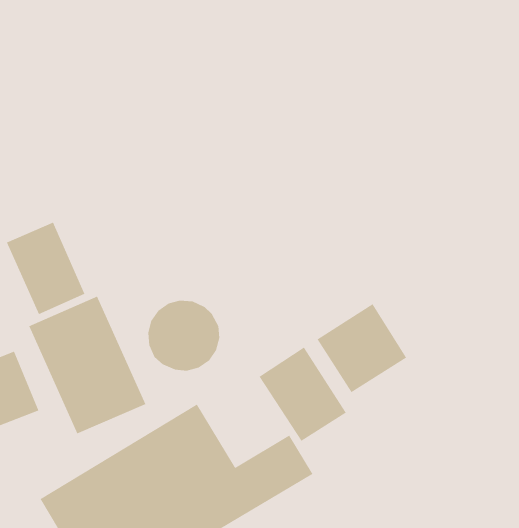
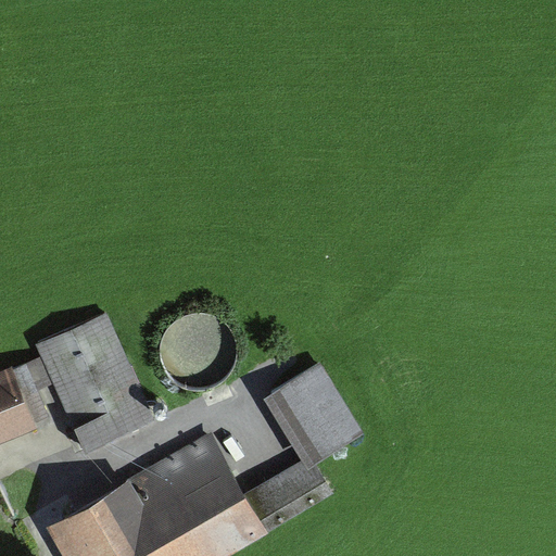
building: [6,222,85,315] -> none
building: [317,303,407,393] -> none

